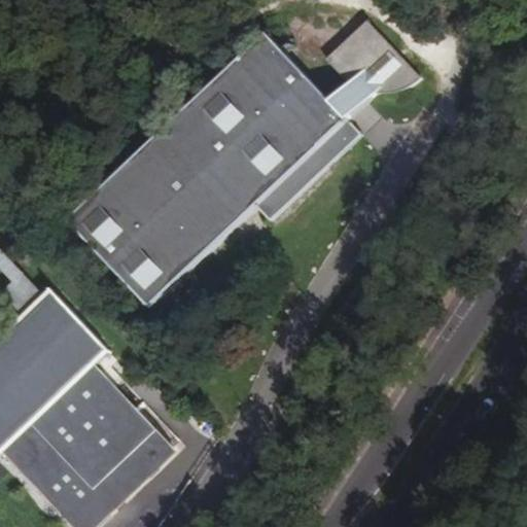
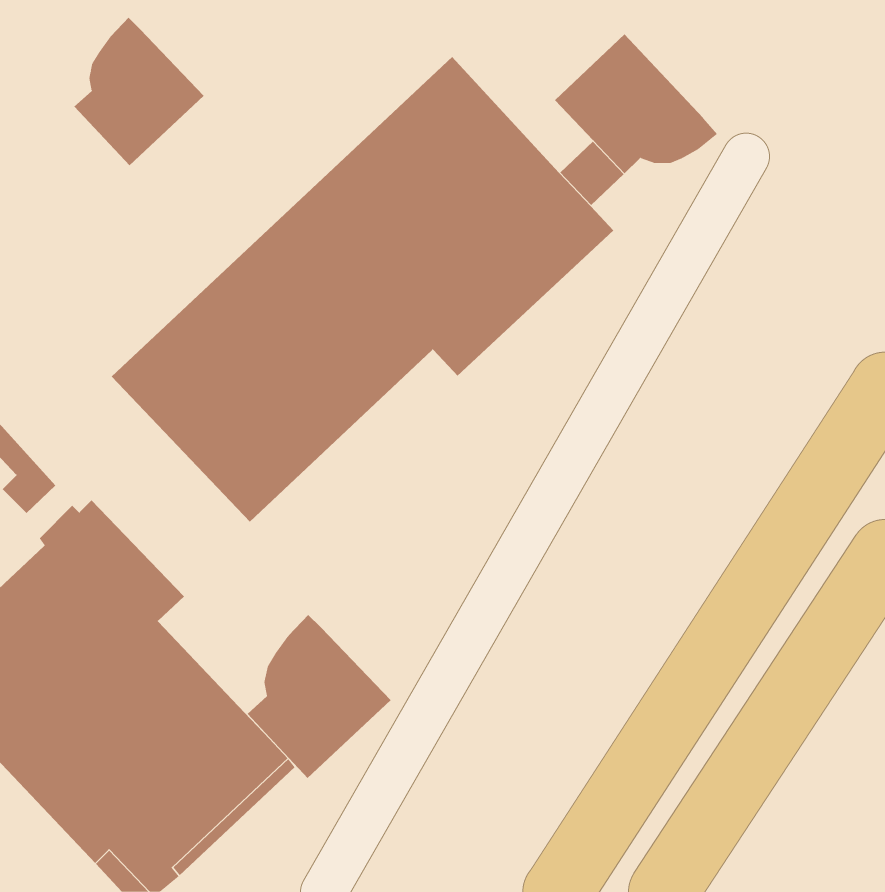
building: none -> [74,17,205,166]
building: none -> [247,614,391,779]

